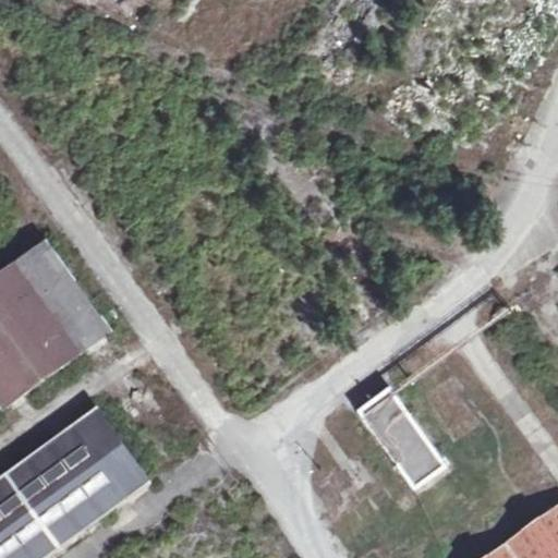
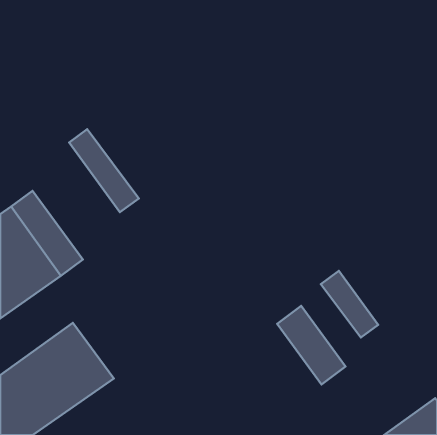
building: none -> [69,129,139,212]
building: none -> [321,271,378,338]

